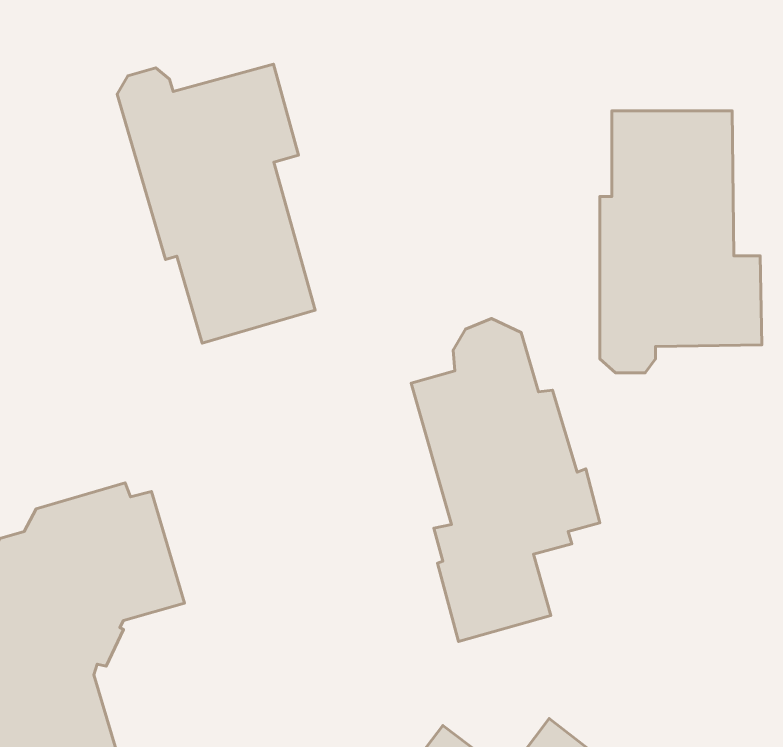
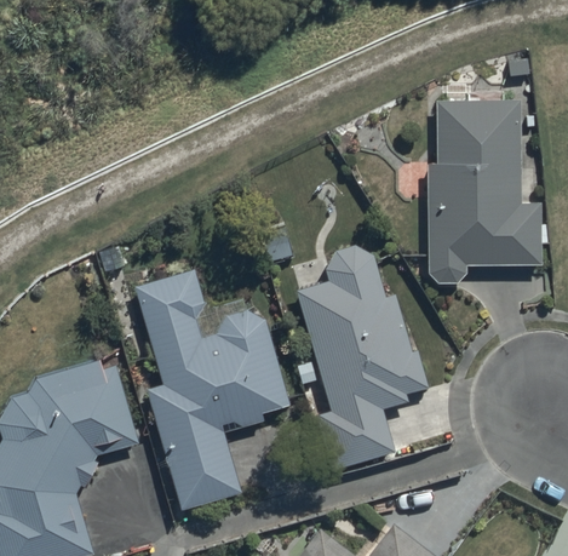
building: [117,64,315,343] -> none
building: none -> [134,269,289,509]

